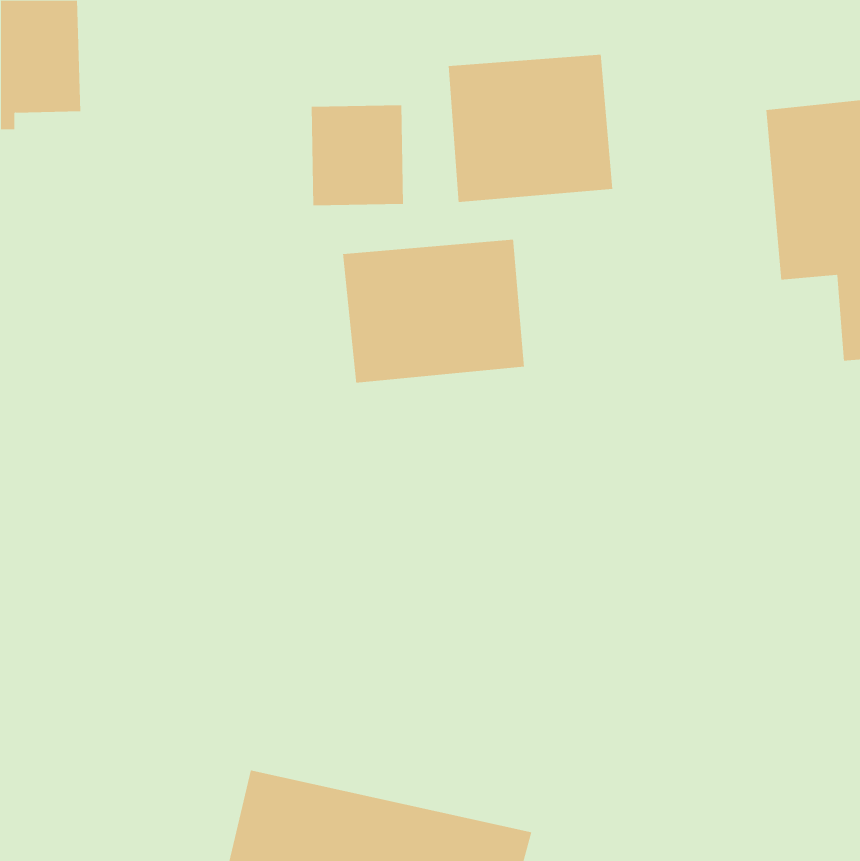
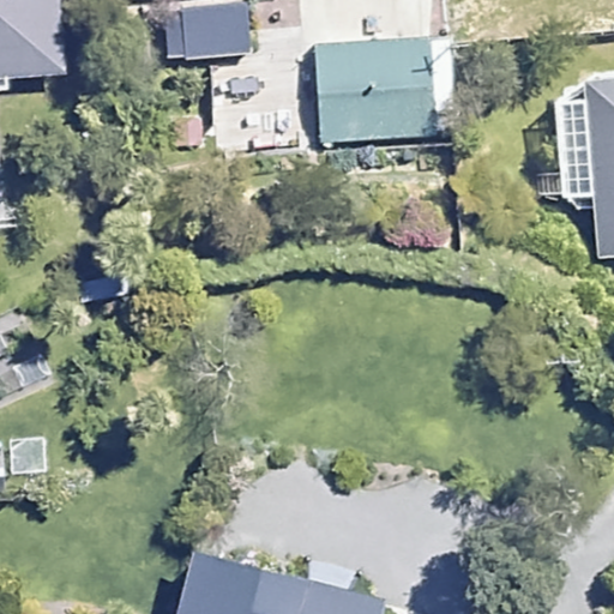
building: [342,239,525,383] -> none

